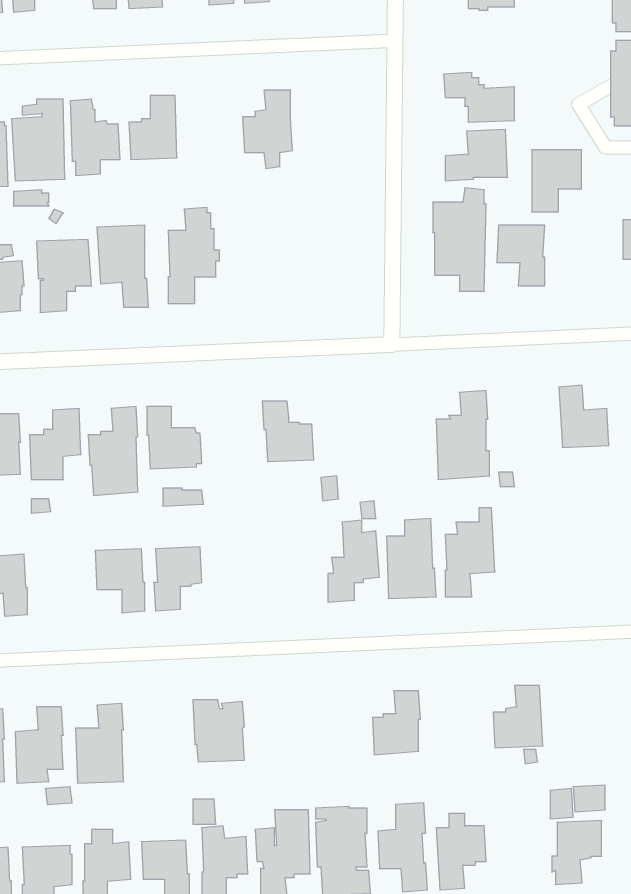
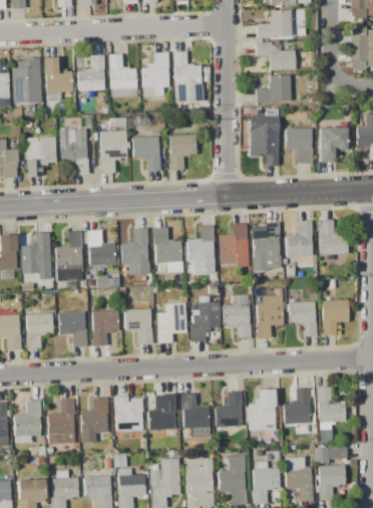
building: none -> [257,10,293,38]
building: none -> [172,51,204,102]
building: none -> [108,53,138,97]
building: [532,150,582,212] -> [321,128,349,163]
building: none -> [169,135,197,170]
building: none -> [132,137,161,172]
building: none -> [286,221,314,257]
building: none -> [219,223,249,266]
building: none -> [186,225,215,260]
building: none -> [121,228,148,264]
building: none -> [321,300,349,335]
building: none -> [289,301,317,336]
building: none -> [157,303,186,343]
building: none -> [125,309,153,344]
building: none -> [27,313,54,348]
building: none -> [317,388,346,443]
building: none -> [249,390,276,431]
building: none -> [148,394,175,438]
building: none -> [178,394,211,438]
building: none -> [81,398,108,444]
building: none -> [285,457,314,502]

